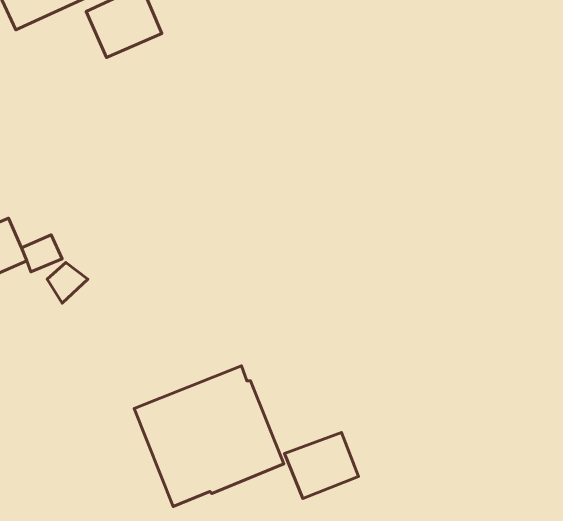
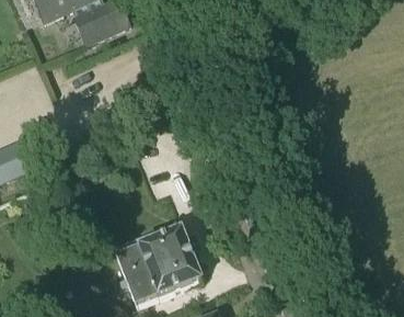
building: [284,433,358,498] -> none

